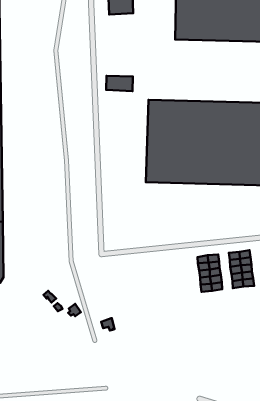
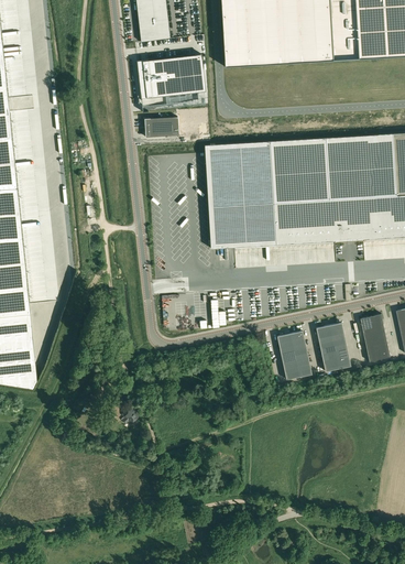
building: none -> [139,54,205,98]

